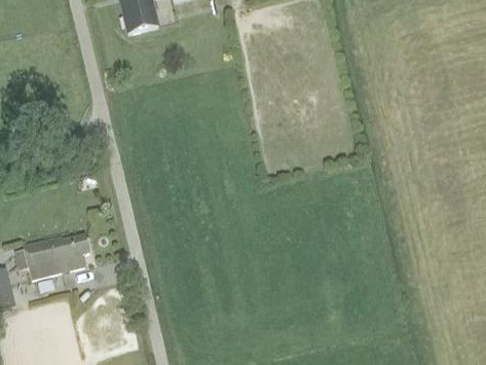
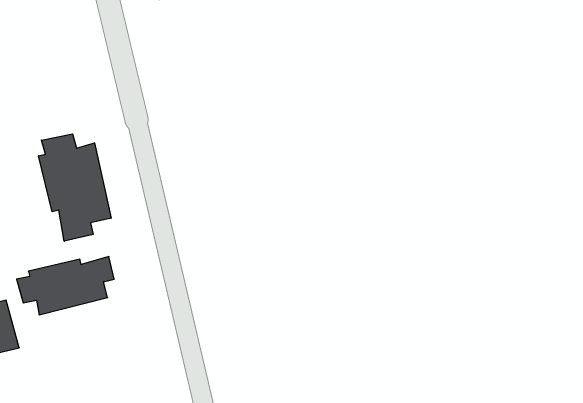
building: none -> [39,134,111,241]

